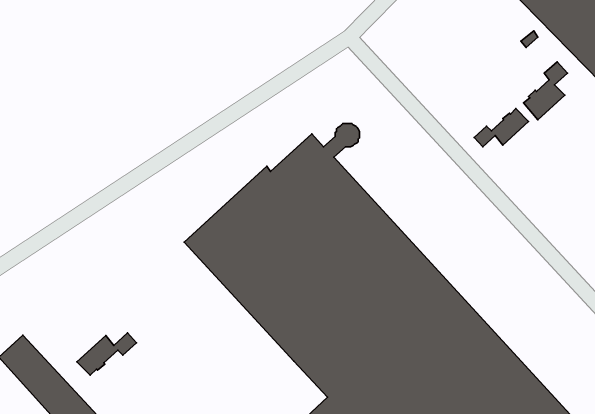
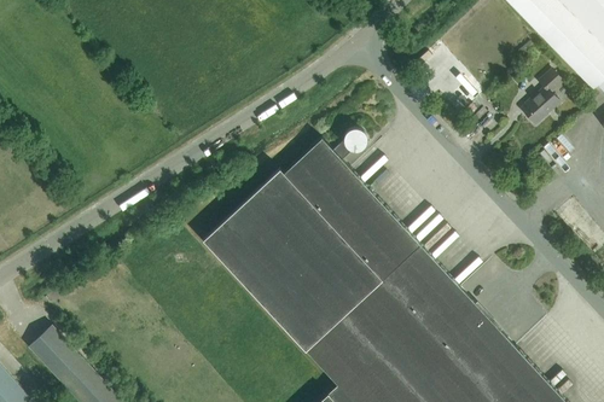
building: [474,109,529,147] -> none
building: [77,333,137,375] -> none

